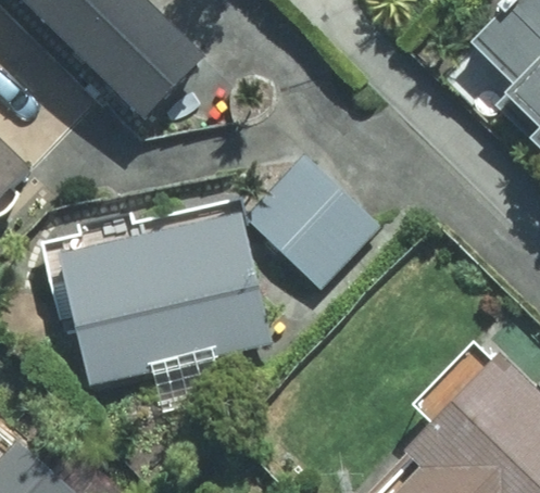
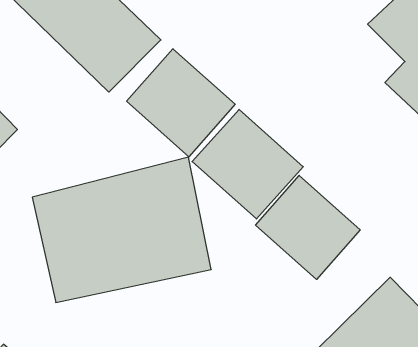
building: none -> [127,49,235,157]
building: none -> [256,175,360,279]

